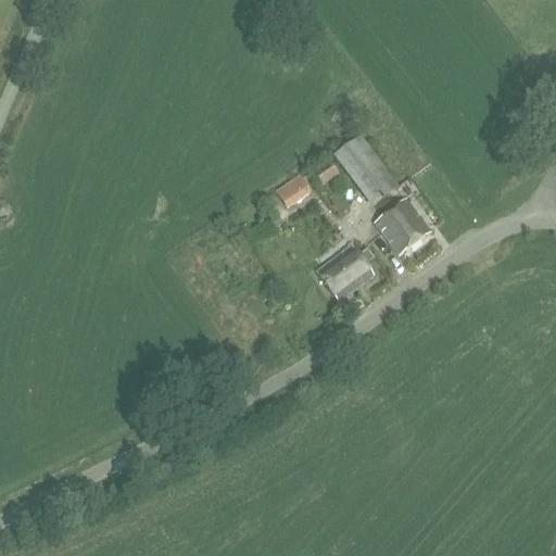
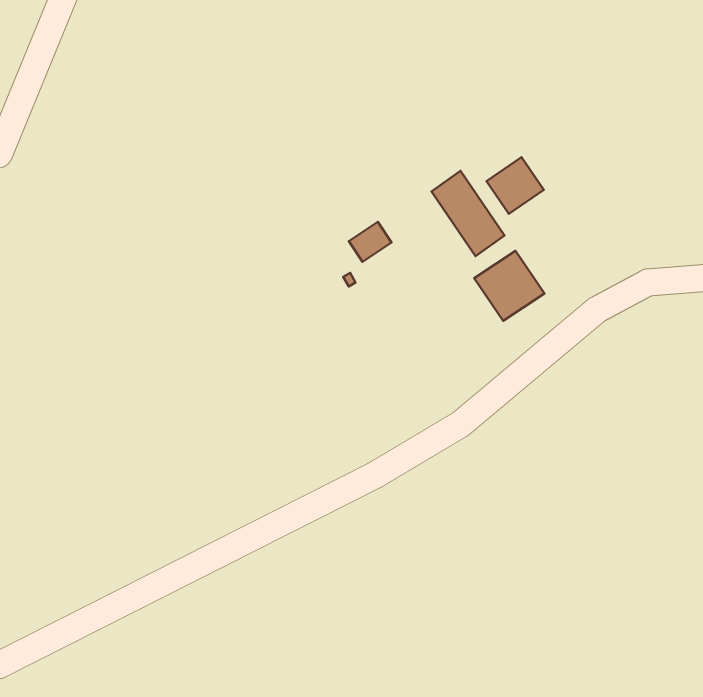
building: none -> [487,157,544,214]
building: [315,244,374,302] -> none

